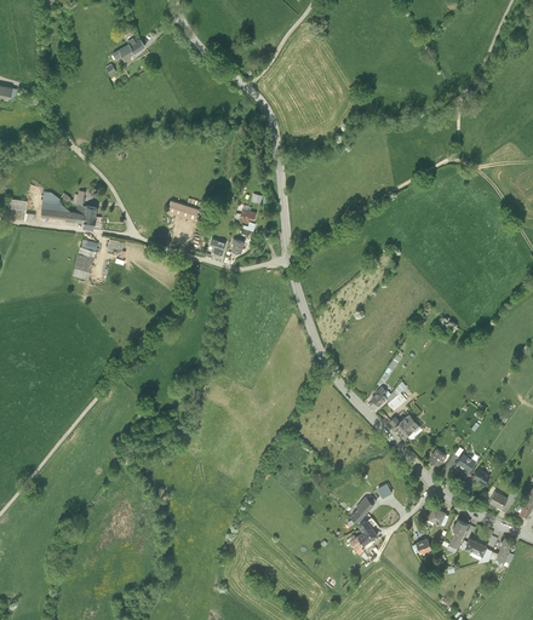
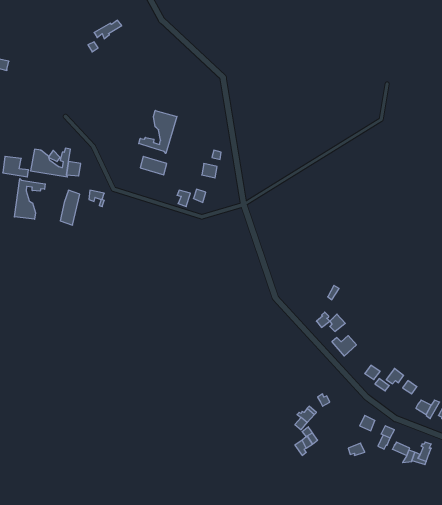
building: none -> [139,110,177,153]
building: none -> [14,179,45,219]

